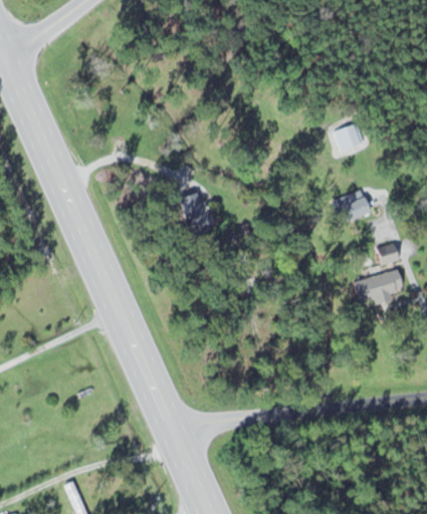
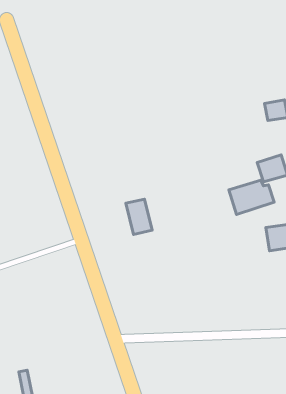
building: [178,190,213,234] -> [126,199,152,234]
building: none -> [229,180,274,214]

